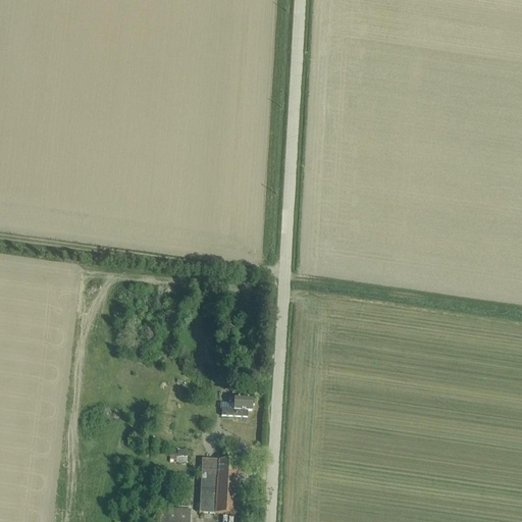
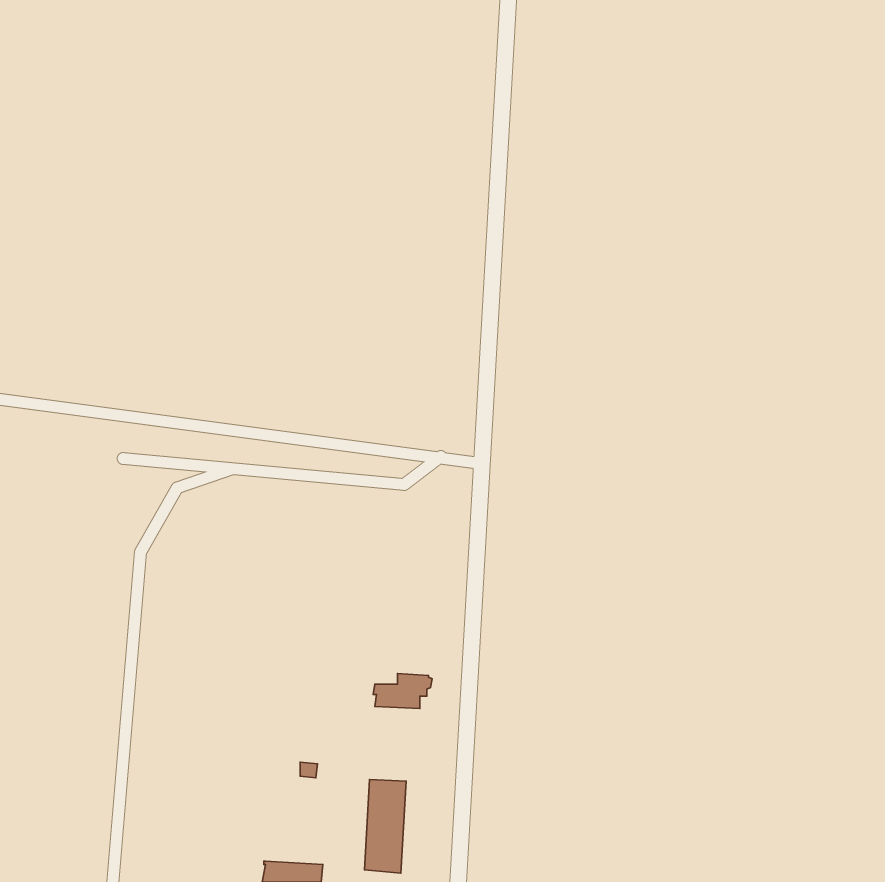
building: [199,457,217,511] -> none

